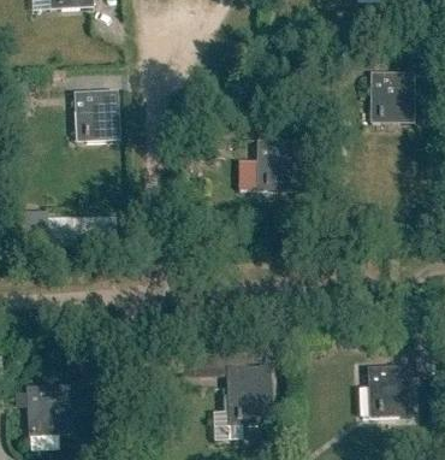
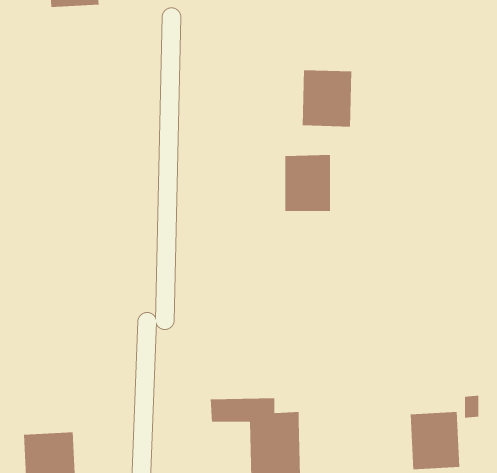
building: [369,71,414,122] -> [302,70,352,127]
building: [73,88,119,140] -> none

